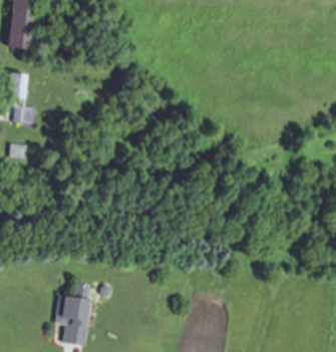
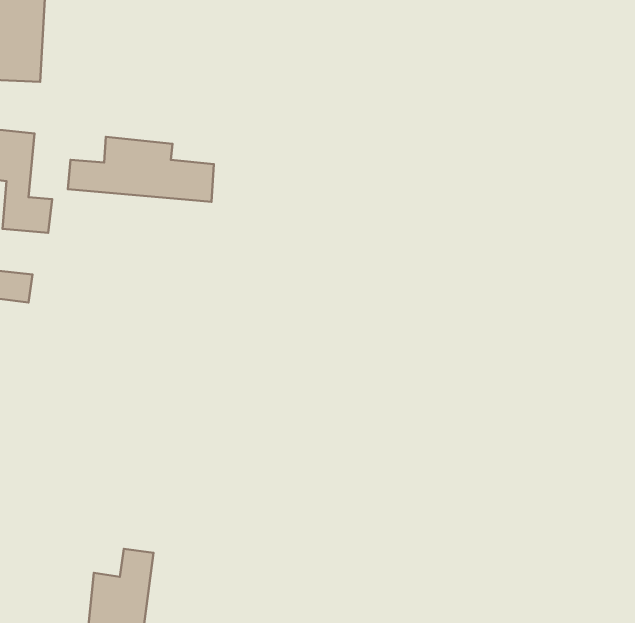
building: none -> [68,137,214,202]

